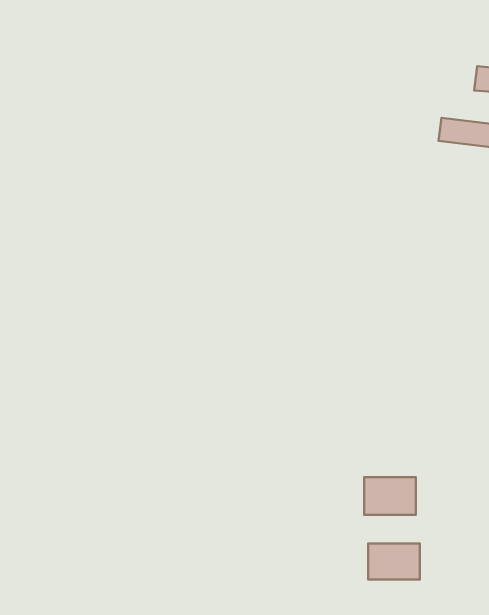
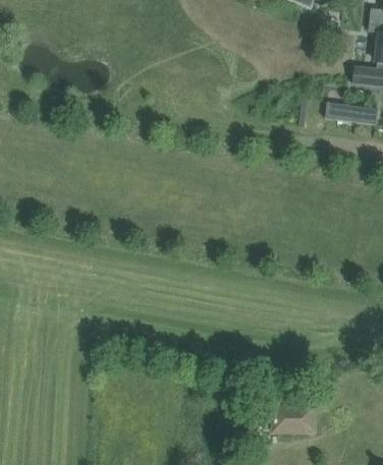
building: [364,477,416,515] -> none

